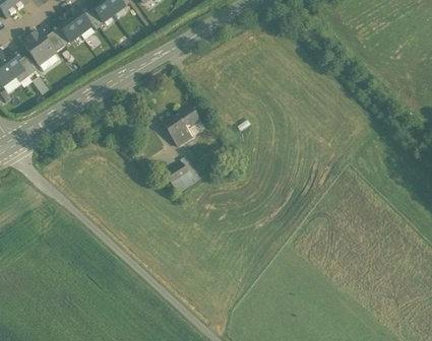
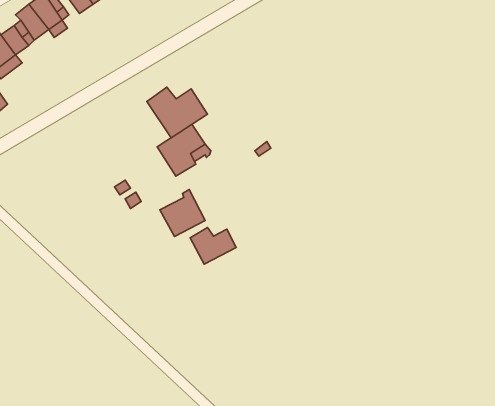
building: none -> [147,87,207,138]
building: none -> [190,228,236,264]

